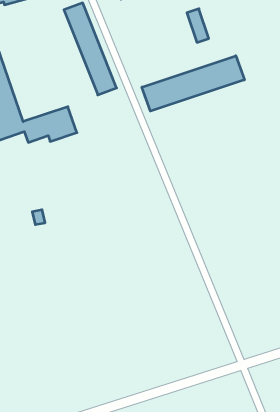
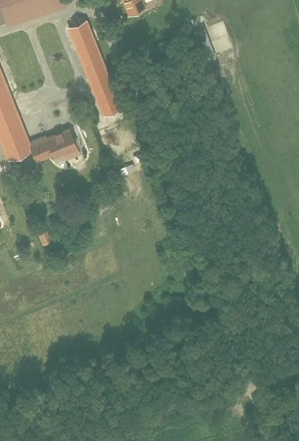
building: [142,56,244,111] -> none

